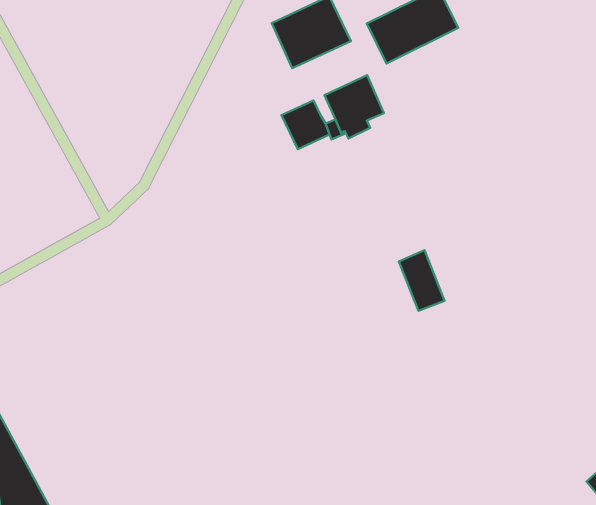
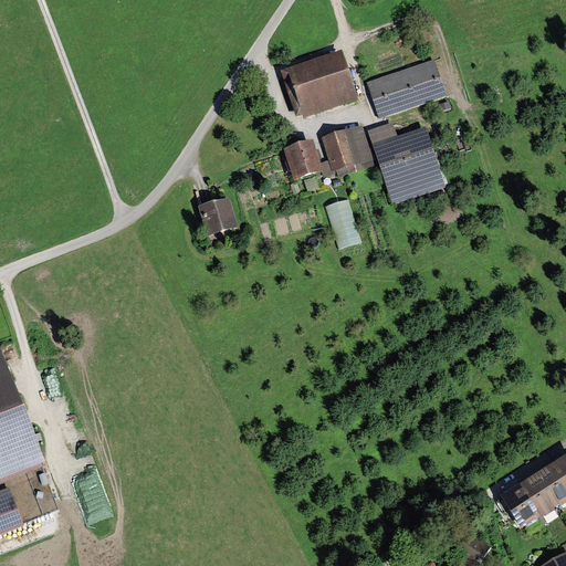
building: none -> [368,123,446,205]
building: none -> [199,198,238,234]
building: [399,250,444,311] -> [328,198,363,249]

